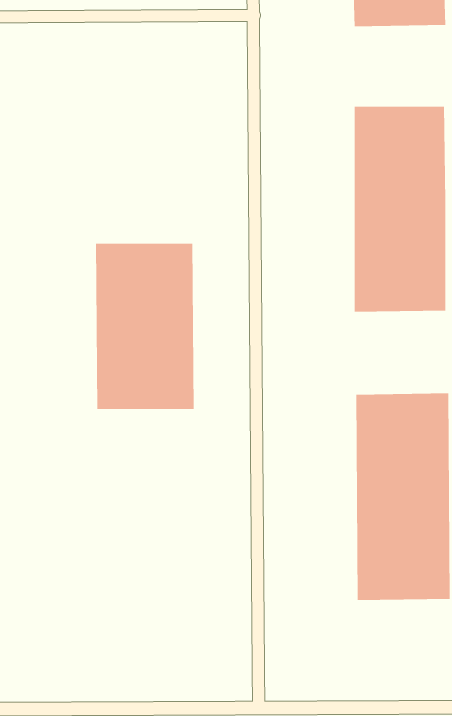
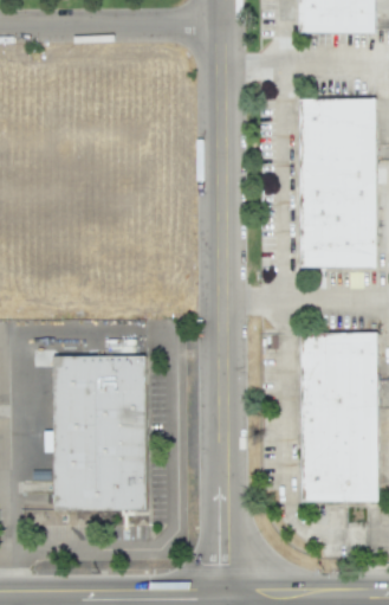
building: [96,243,194,410] -> none
building: none -> [53,356,145,510]

